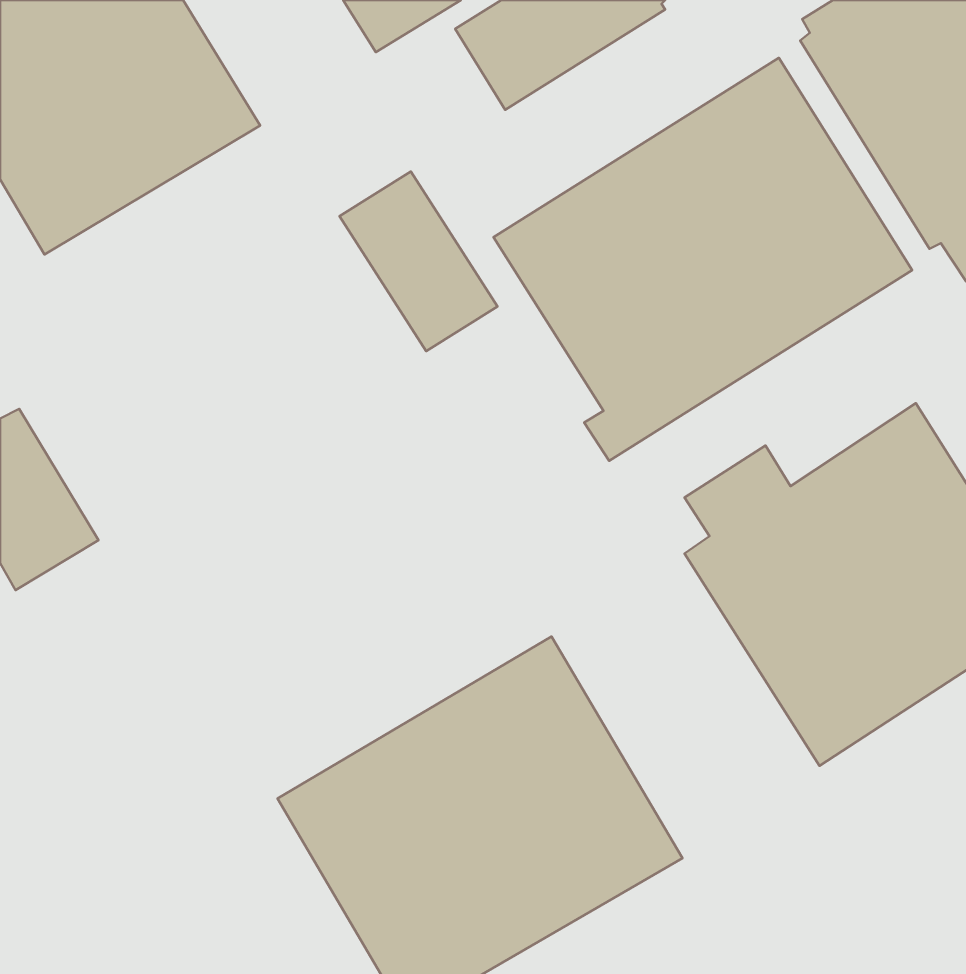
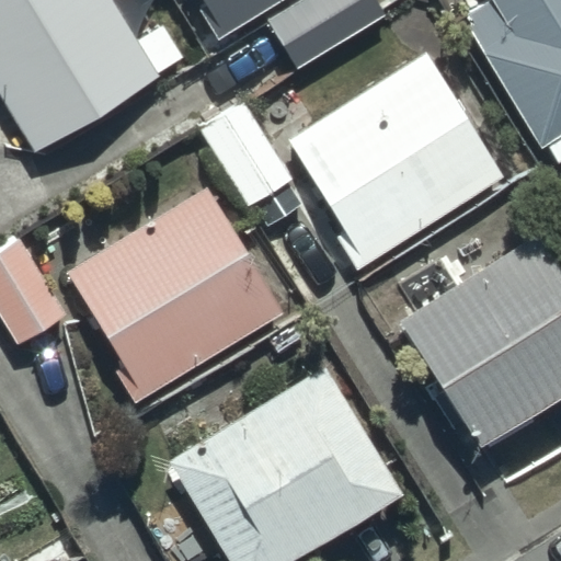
building: none -> [69,190,282,400]

